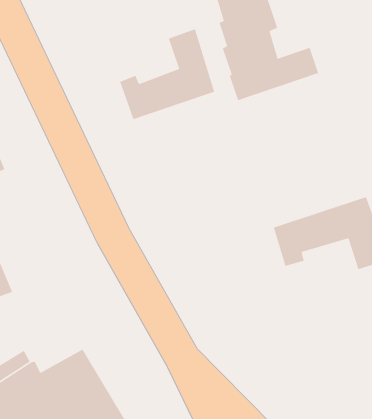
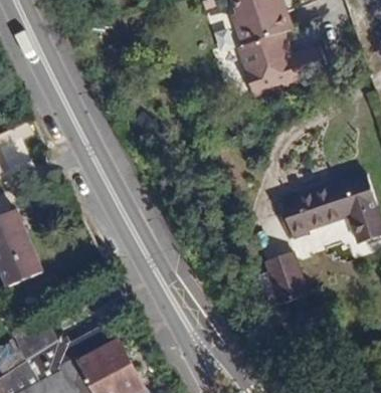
building: [119,28,215,120] -> none
building: none -> [262,257,307,313]

